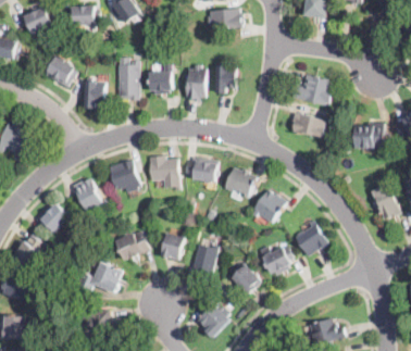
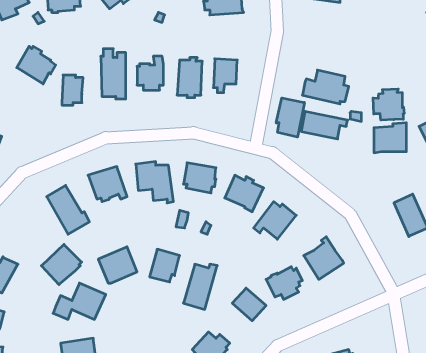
building: none -> [373,89,404,120]
building: none -> [276,98,304,137]
building: [35,201,70,236] -> [41,244,82,285]

